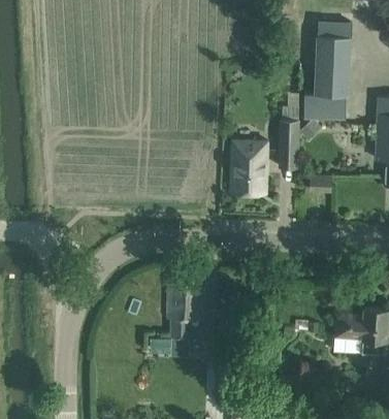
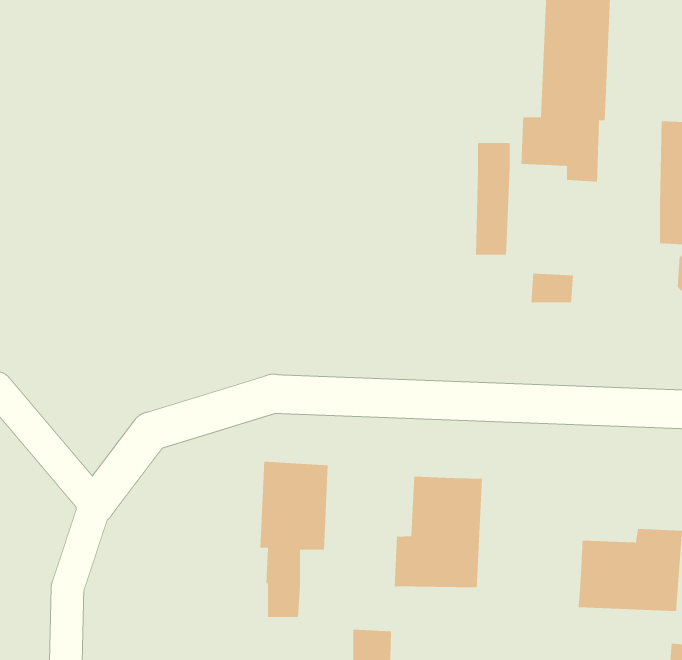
building: [230,141,267,194] -> none
building: none -> [394,476,483,588]

